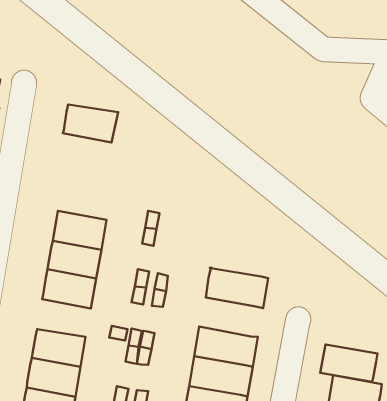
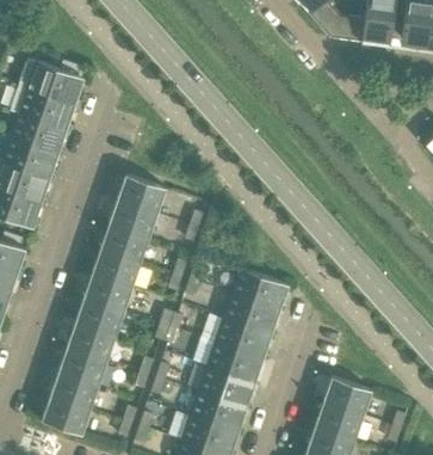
building: [63,105,118,142] -> [116,176,166,214]
building: none -> [222,294,279,334]
building: none -> [82,273,131,312]
building: [320,345,378,382] -> none

